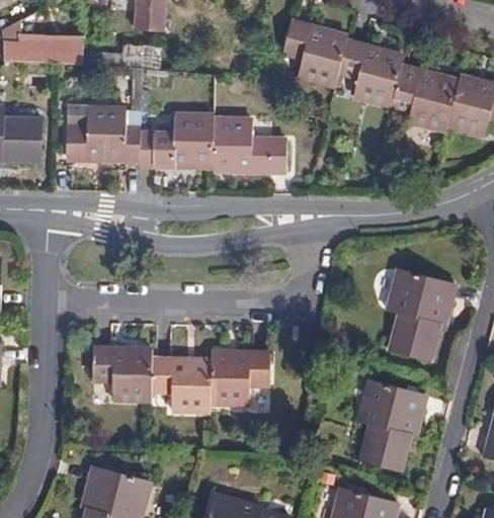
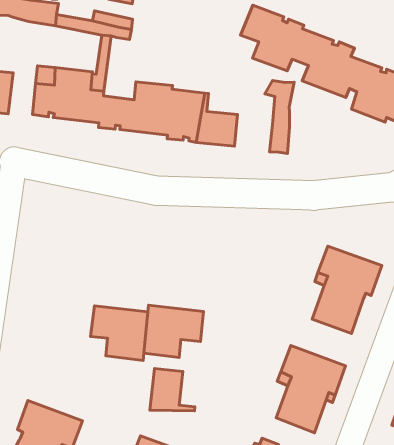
building: none -> [265,81,294,154]
building: [92,347,153,401] -> none
building: none -> [150,368,195,411]

